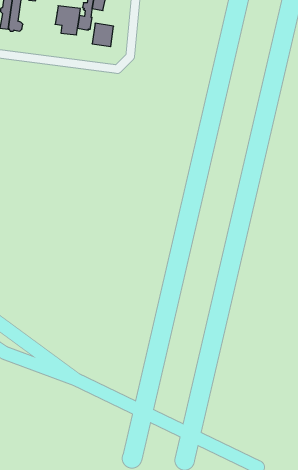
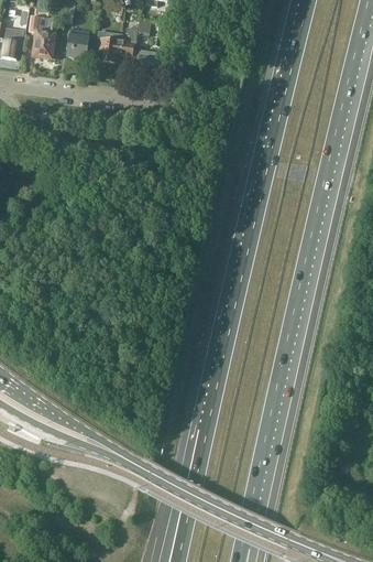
building: none -> [67,31,91,60]

